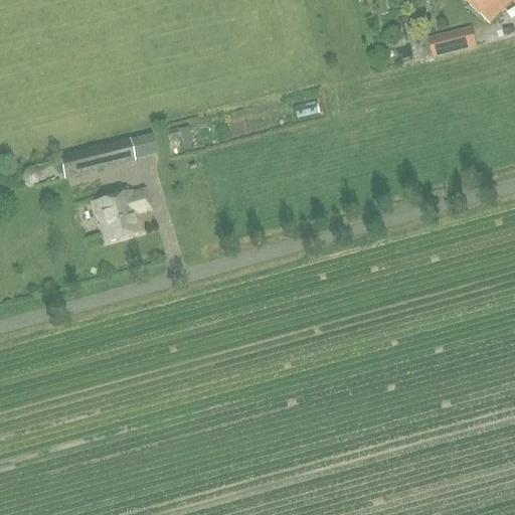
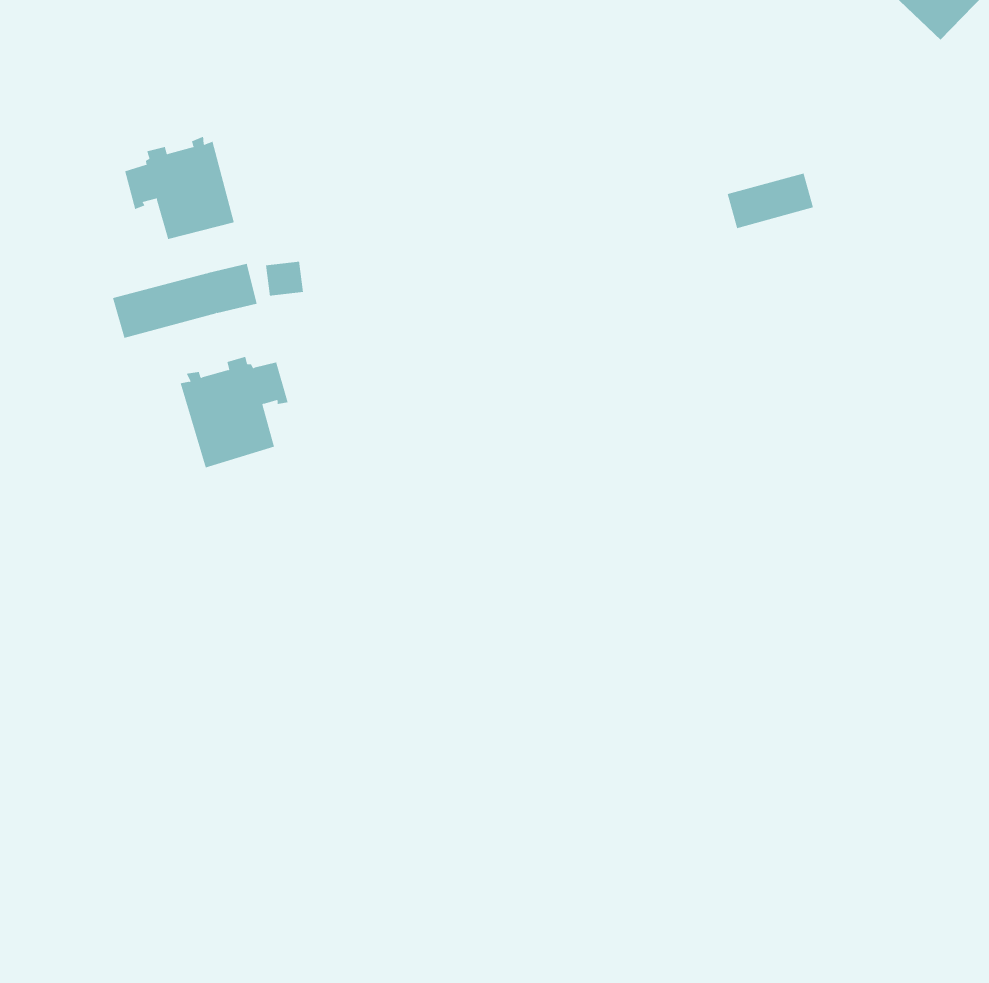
building: [428,25,474,54] -> [727,173,814,229]
building: none -> [124,136,234,240]

